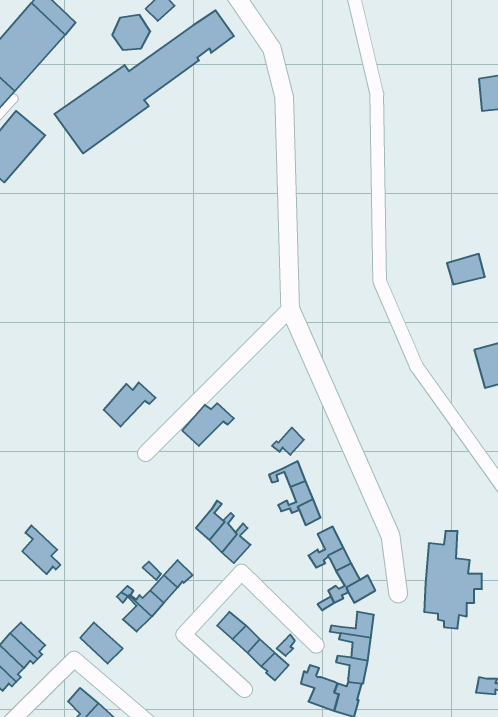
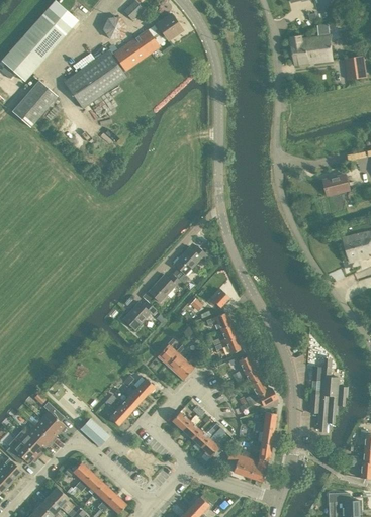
building: none -> [289,24,333,66]
building: none -> [171,246,207,284]
building: [104,382,156,427] -> [122,301,157,330]
building: [22,525,60,574] -> [40,402,66,434]

